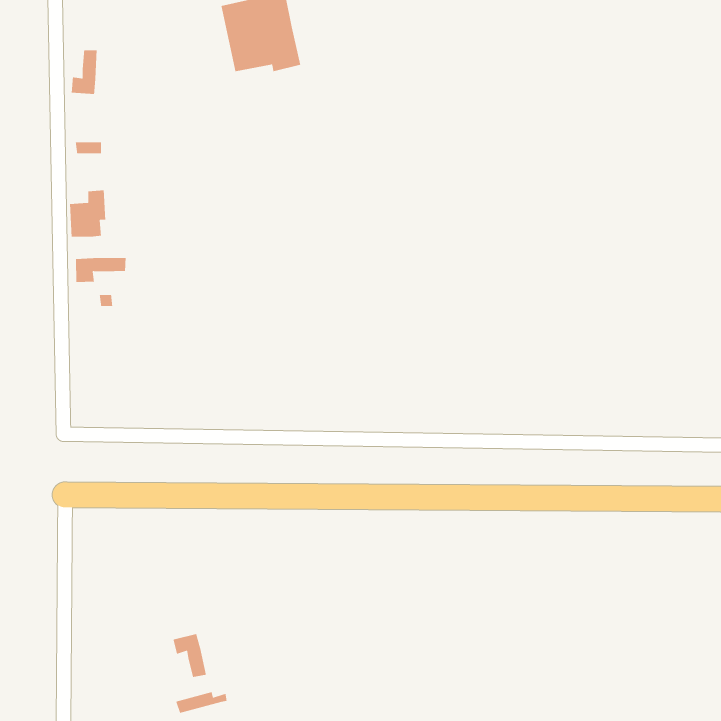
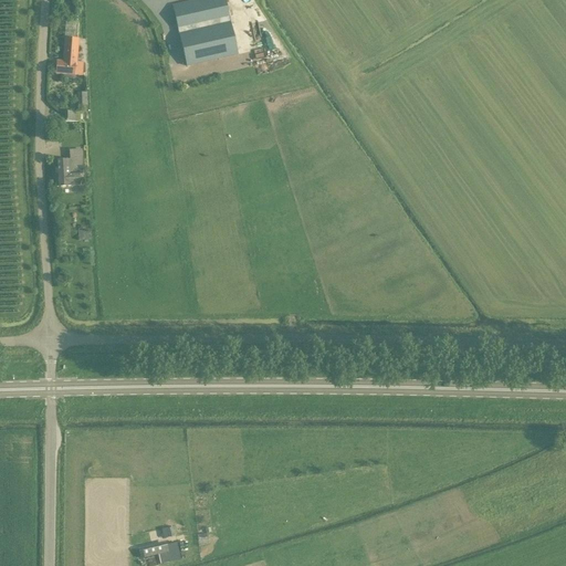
building: [75,257,126,283] -> none
building: [172,633,207,678] -> none

